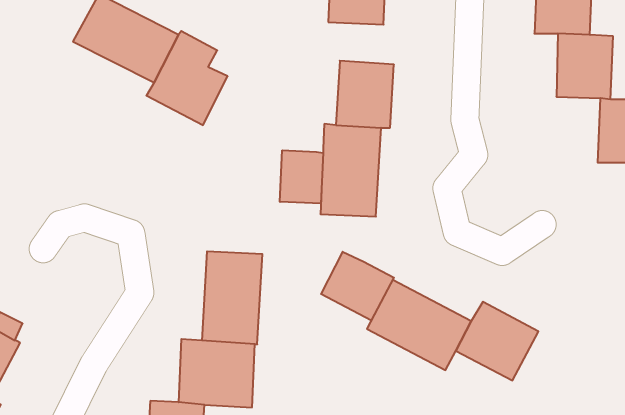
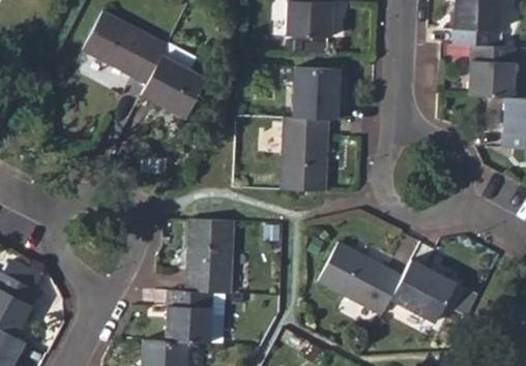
building: [280,150,323,203] -> none
building: [321,252,394,320] -> none

